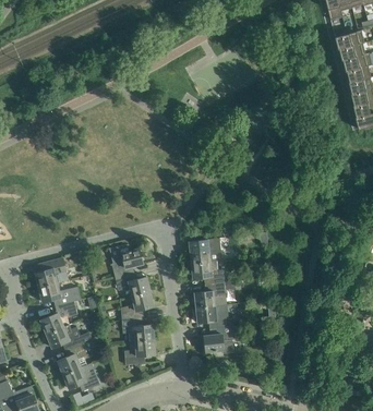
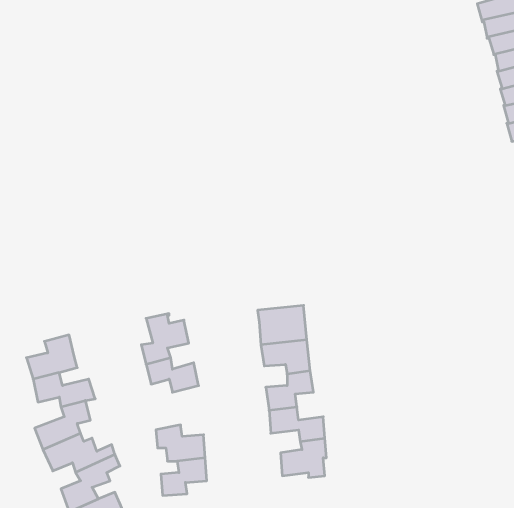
building: [120,291,154,321] -> none

